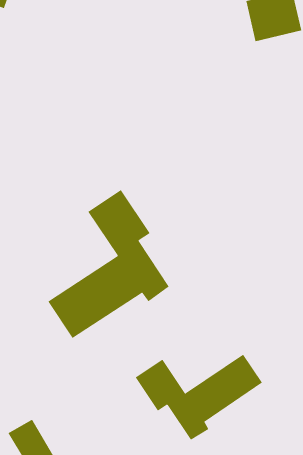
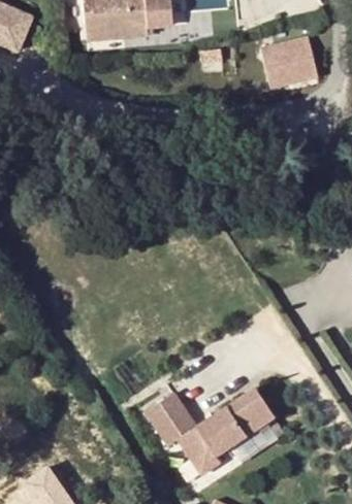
building: [47,189,170,339] -> none

